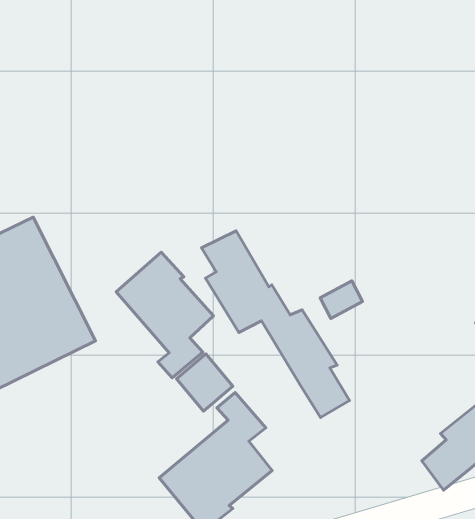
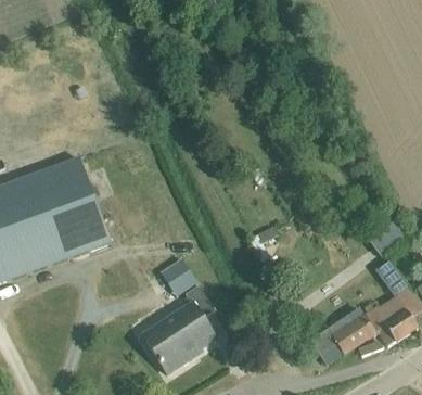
building: [201,231,349,417] -> none
building: [116,252,214,378] -> none

